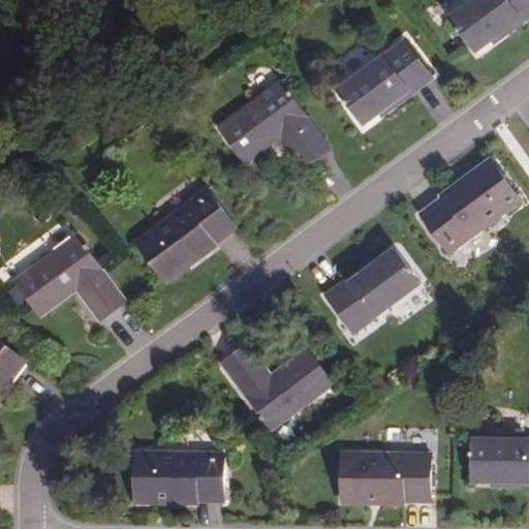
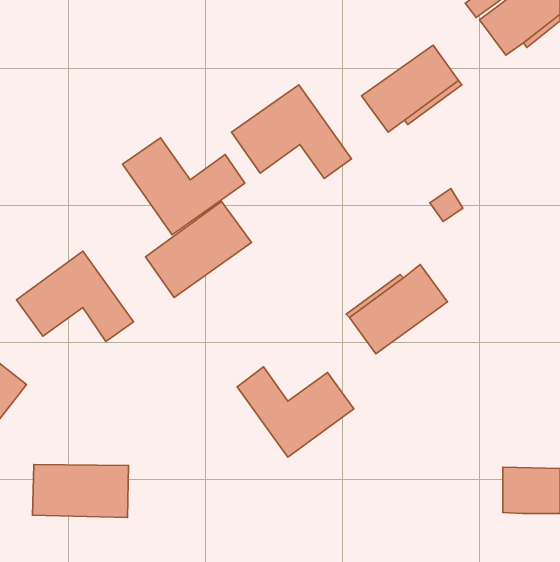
building: none -> [123,138,245,235]
building: [419,162,519,251] -> none
building: [133,452,223,501] -> [33,465,129,517]
building: [341,453,431,501] -> none

